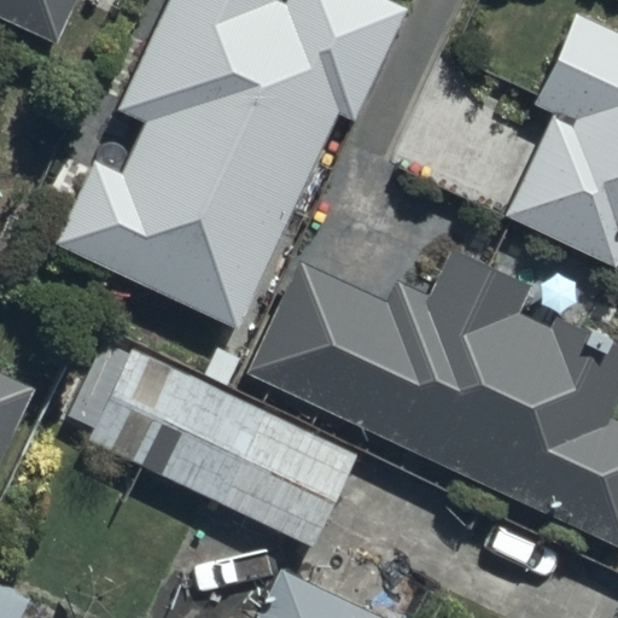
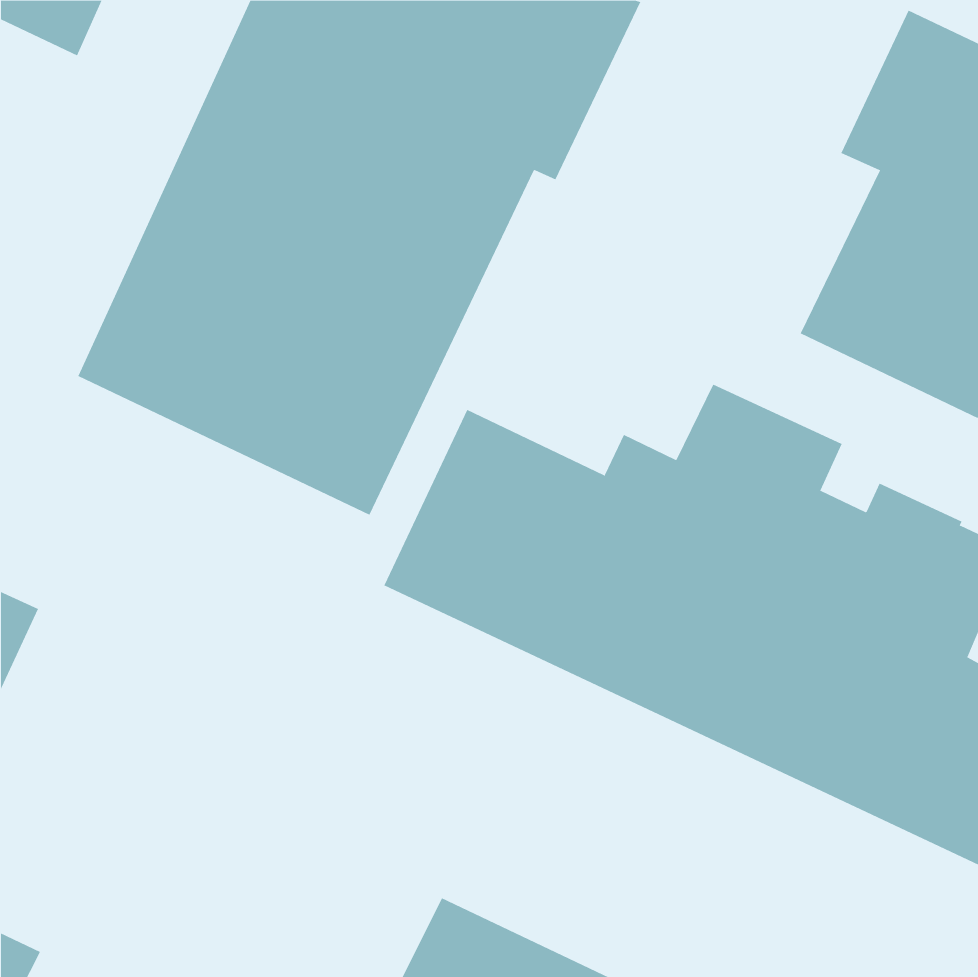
building: [69,336,357,548] -> none

